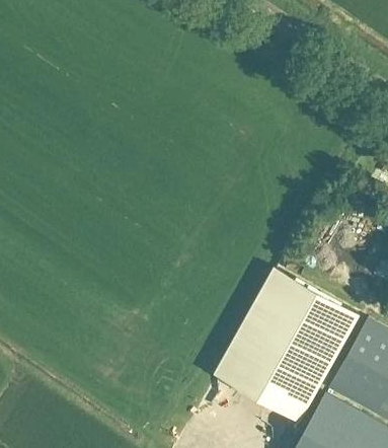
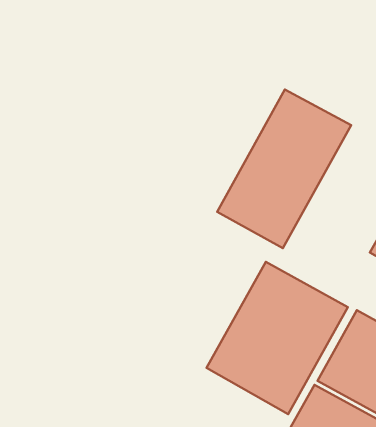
building: none -> [217,89,351,248]

